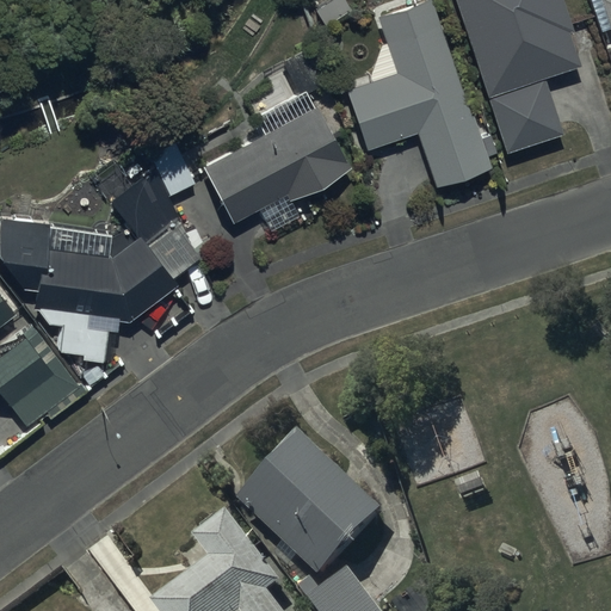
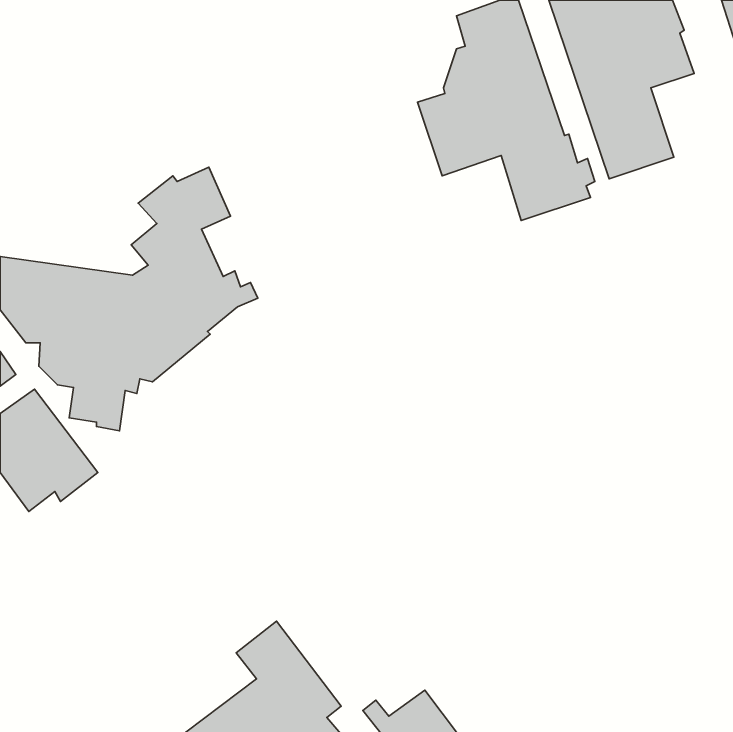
building: [203,45,350,228] -> none
building: [241,440,387,582] -> none

